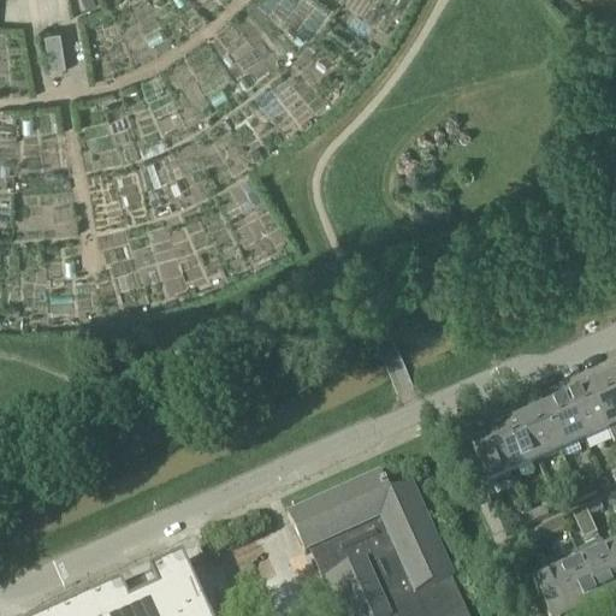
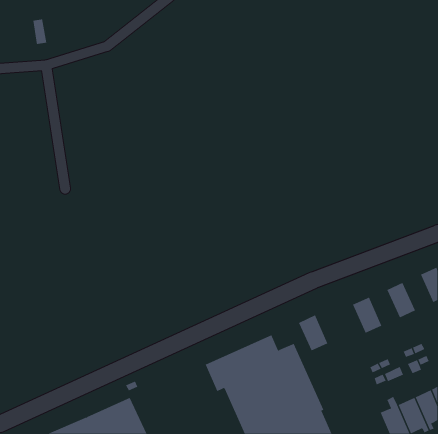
building: [565,385,608,436] -> none
building: [519,407,561,457] -> none
building: [470,427,513,479] -> [298,314,328,351]

